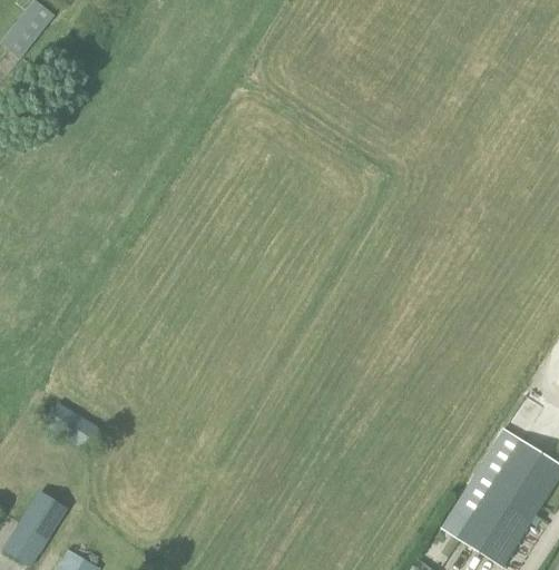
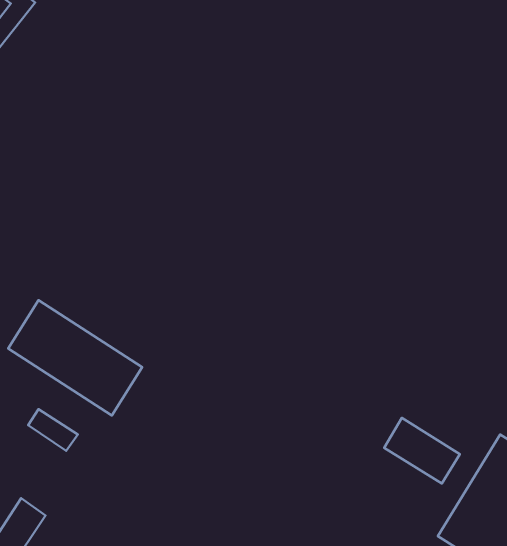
building: none -> [8,300,142,415]
building: none -> [384,418,460,483]

